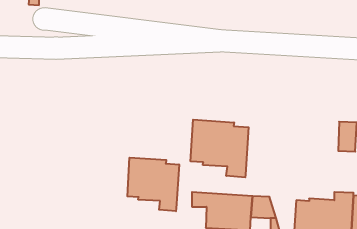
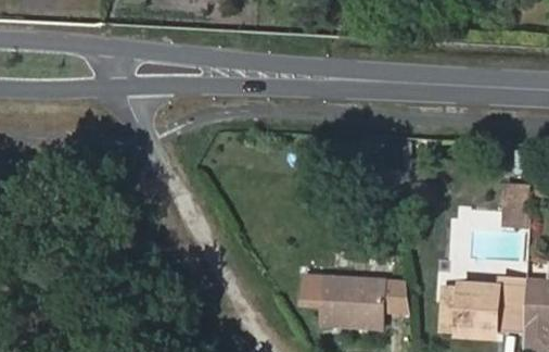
building: [191,120,249,177] -> none
building: [127,158,179,211] -> none

